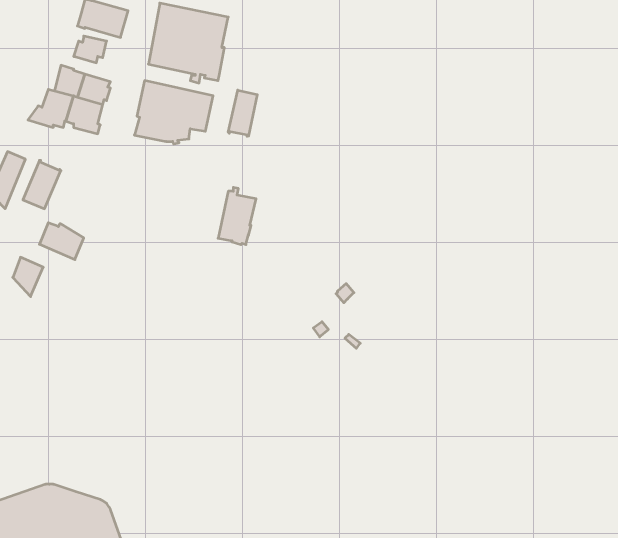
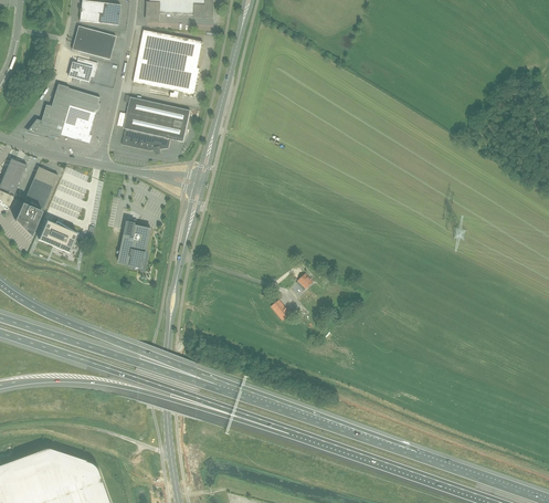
building: [228,90,257,136] -> none
building: [218,187,256,245] -> [117,218,150,268]
building: [13,257,43,297] -> [14,202,41,237]

